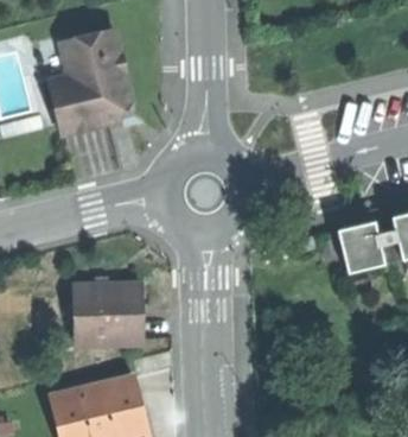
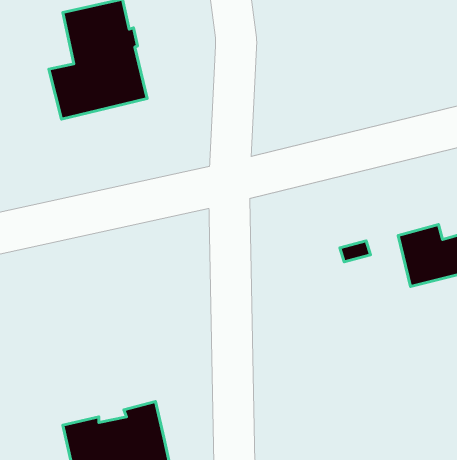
building: [70,280,138,343] -> none

